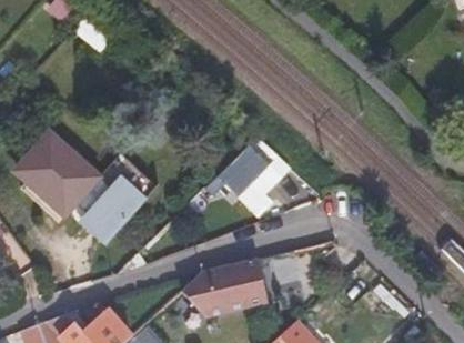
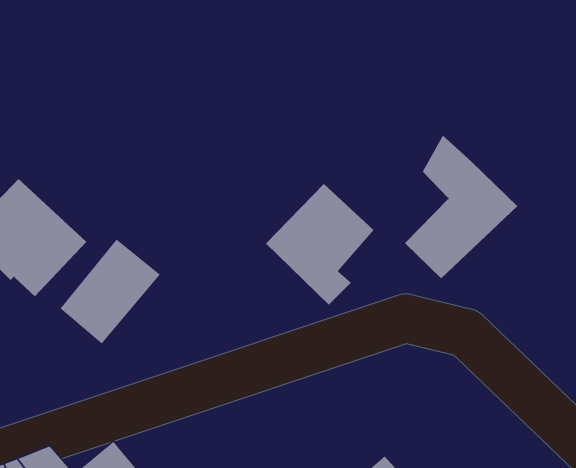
building: none -> [404,135,518,279]
building: [185,249,300,316] -> none

